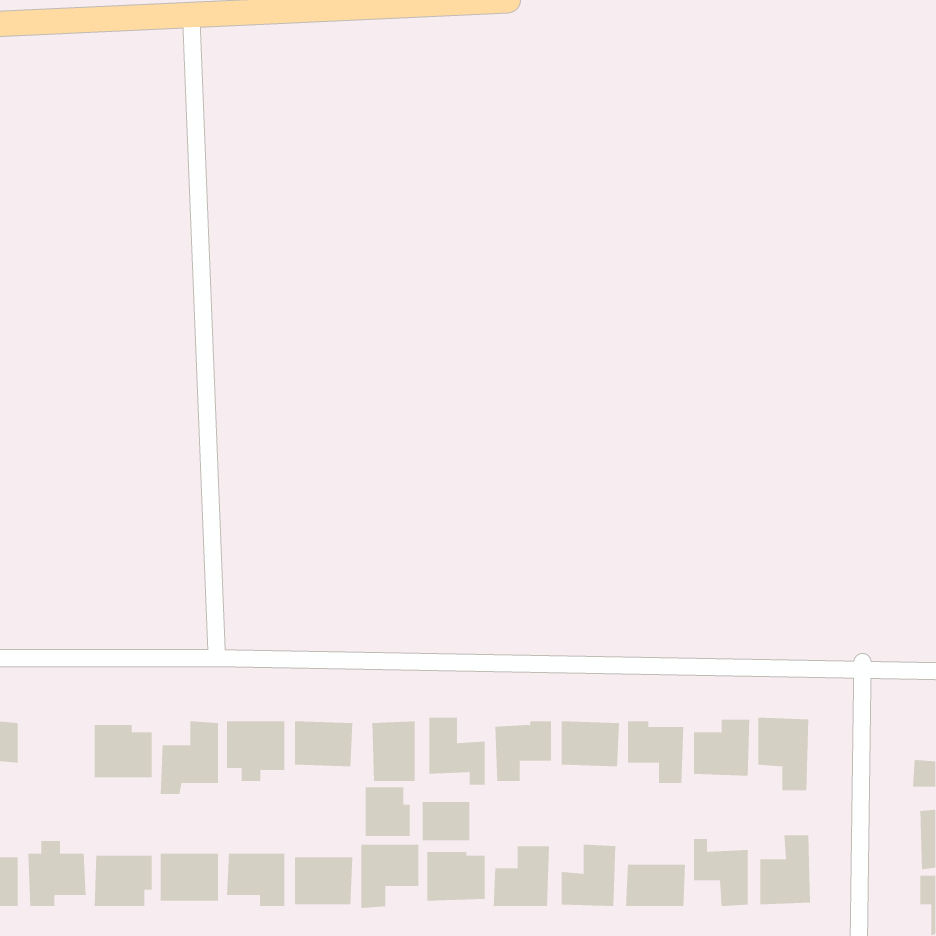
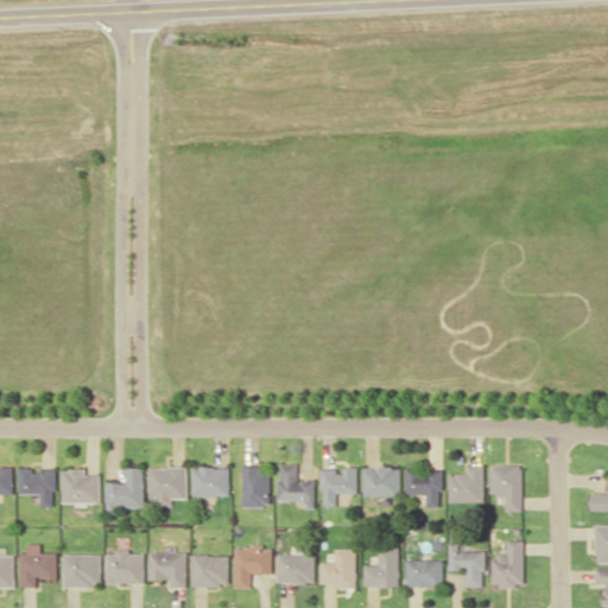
building: none -> [18,468,55,508]
building: [365,787,410,837] -> none
building: [422,801,470,841] -> none

